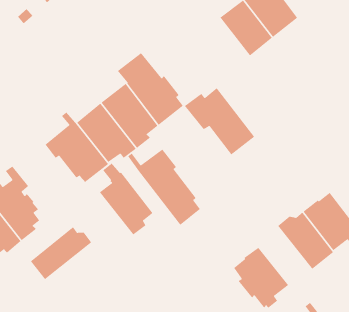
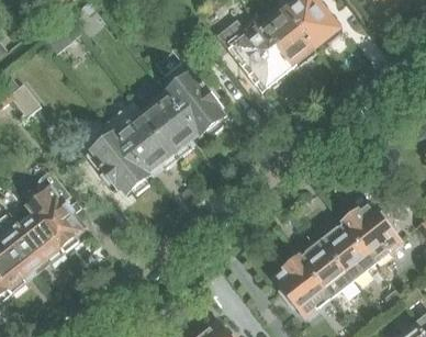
building: [184,87,255,155] -> [218,18,290,86]
building: [127,148,201,226] -> none
building: [99,162,154,235] -> none
building: none -> [299,236,352,296]
building: [30,226,92,280] -> none

